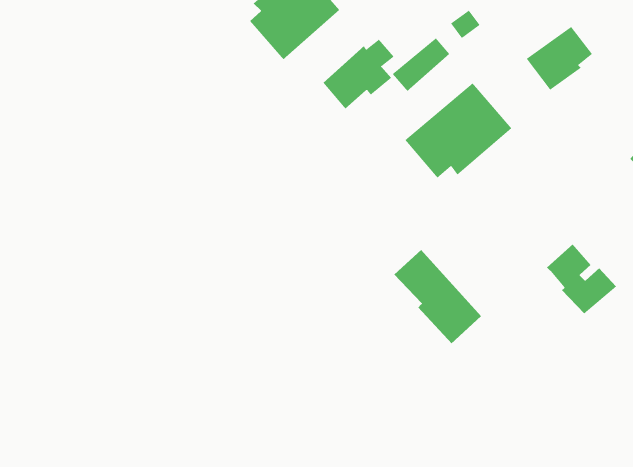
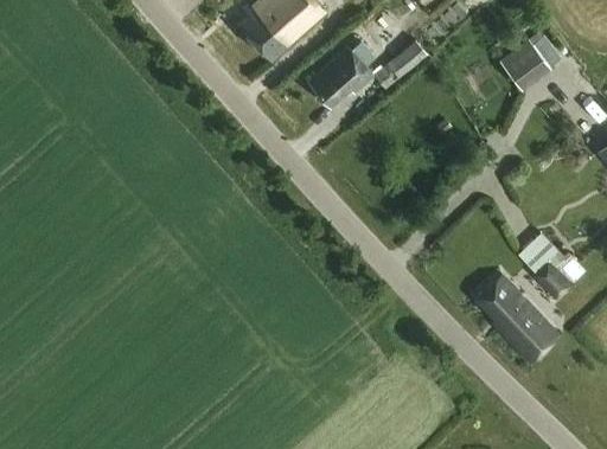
building: [405,83,512,178] -> none
building: [393,249,482,344] -> [475,274,558,363]

